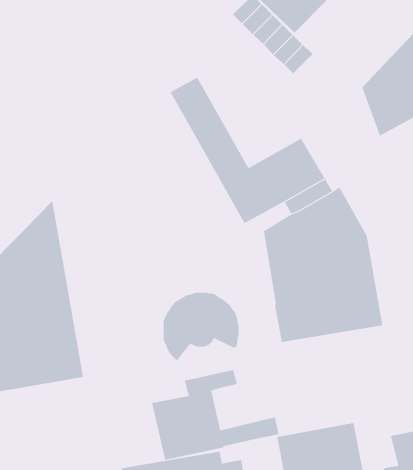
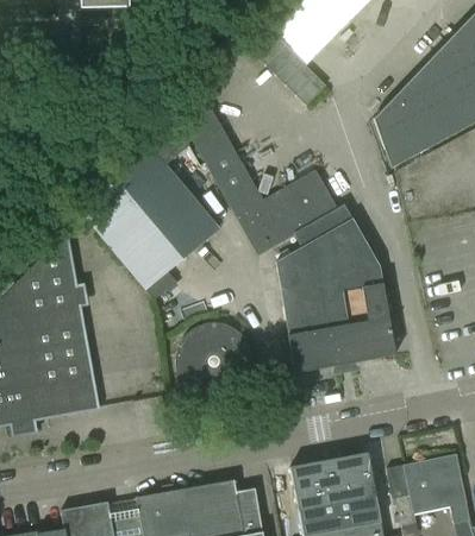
building: none -> [73,107,218,298]
building: [151,369,279,461] -> none

